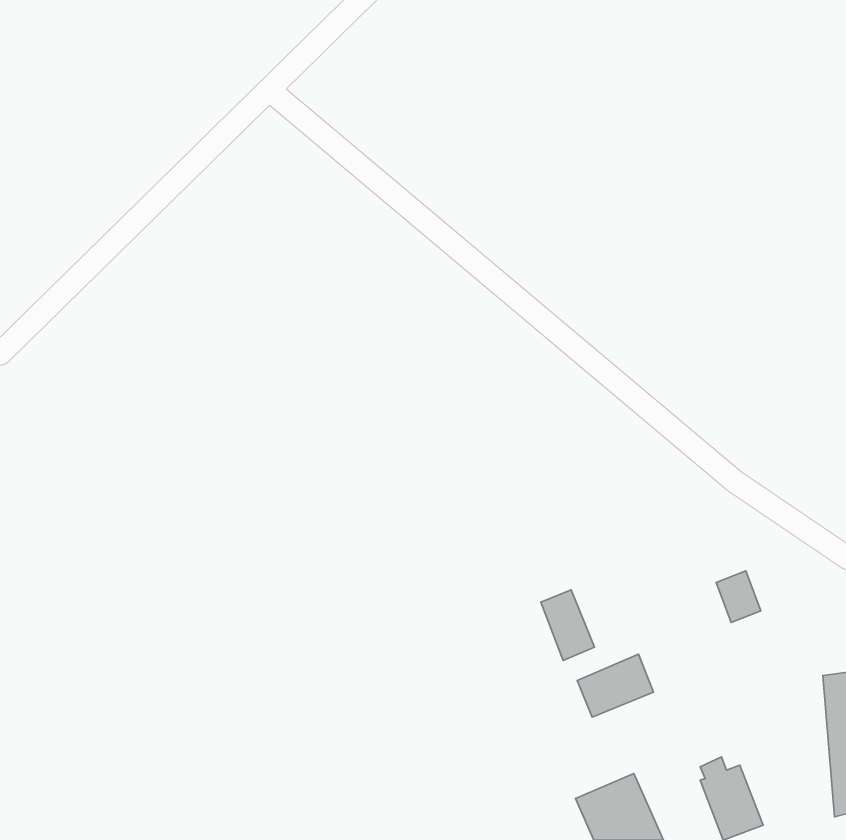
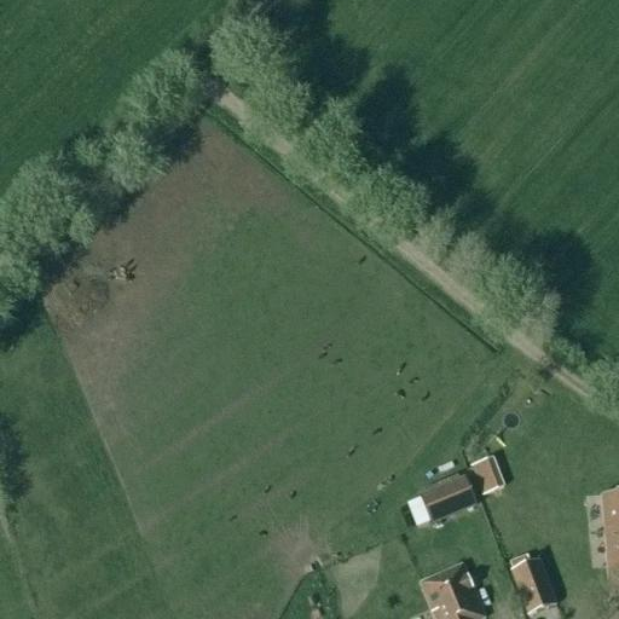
building: [716,571,761,622] -> [473,455,505,492]
building: [541,590,594,660] -> none

